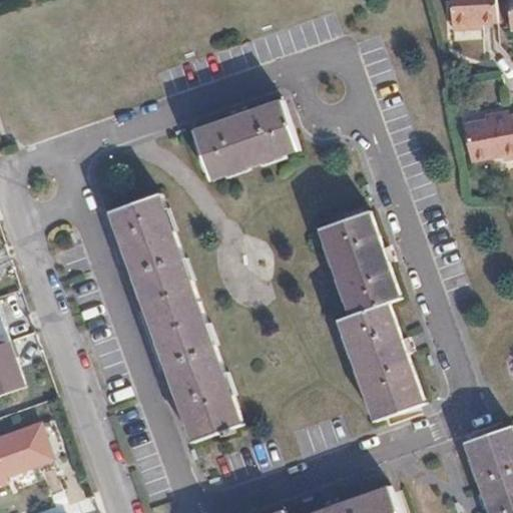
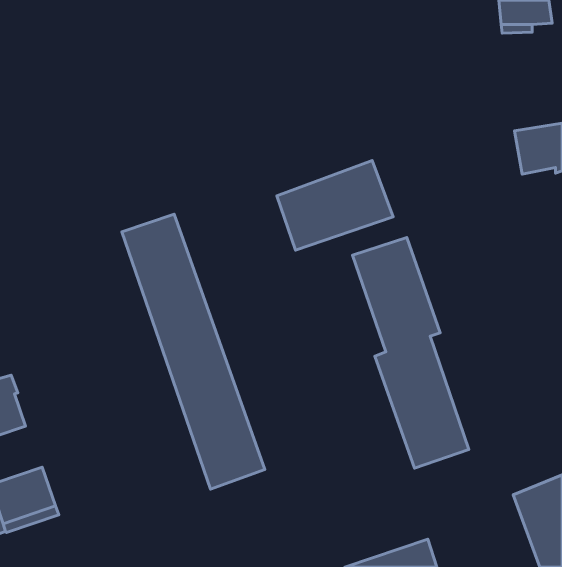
building: [191,97,297,178] -> [277,160,393,250]

